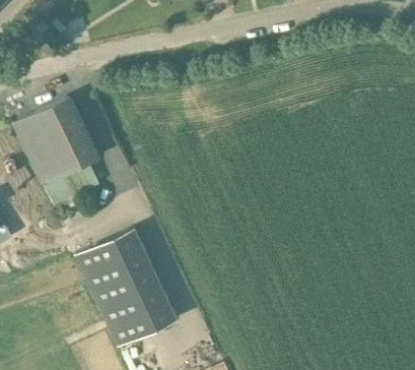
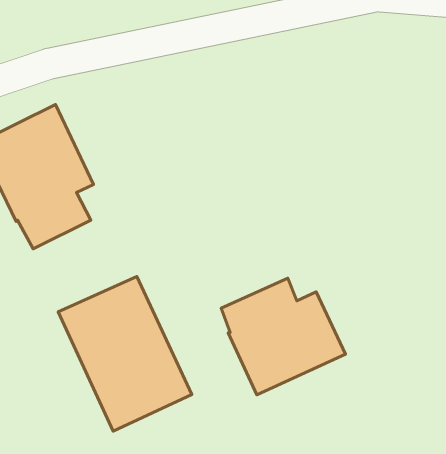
building: none -> [221,278,346,395]

